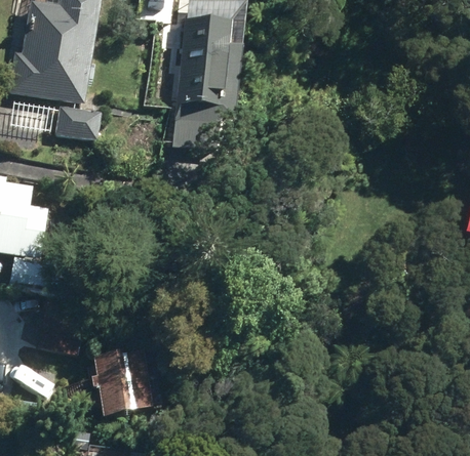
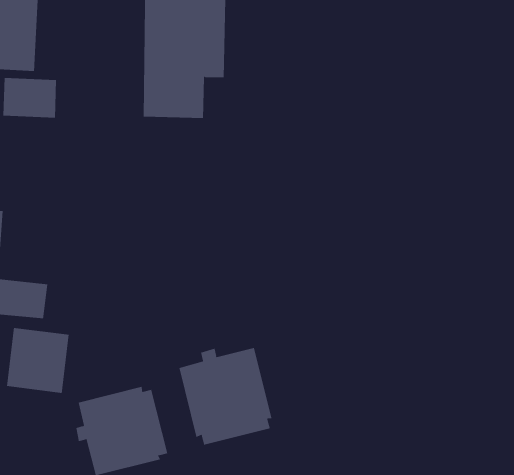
building: none -> [179,347,272,445]

